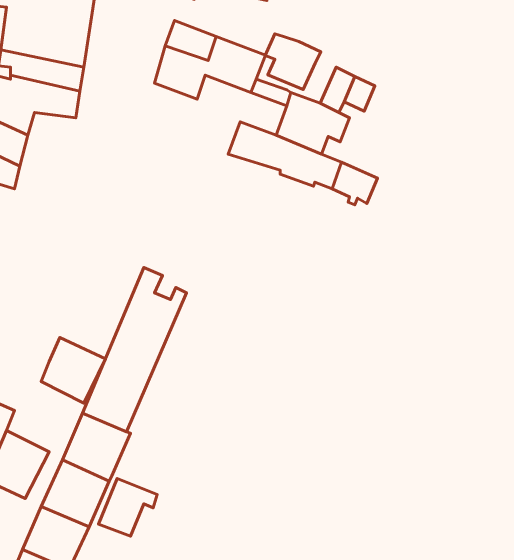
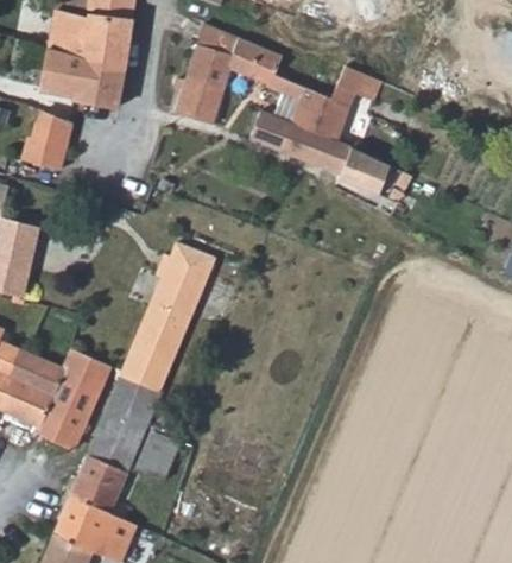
building: [265,34,321,89] -> none
building: none -> [177,78,225,125]
building: [41,338,105,403] -> [55,348,112,406]

